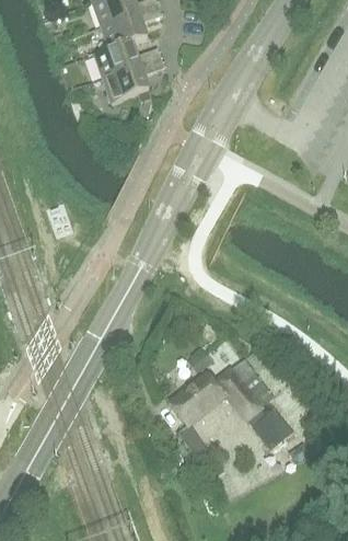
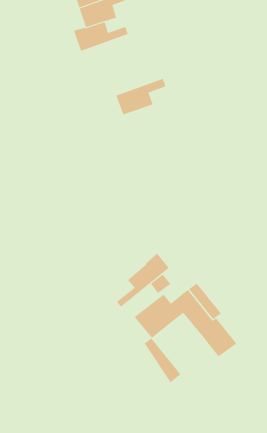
building: [102,56,163,101] -> [116,78,166,115]
building: none -> [116,253,170,307]

